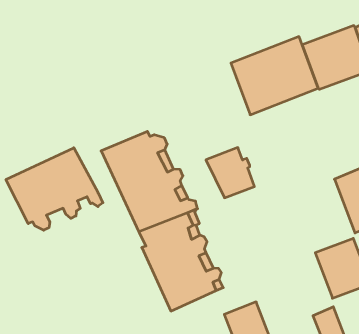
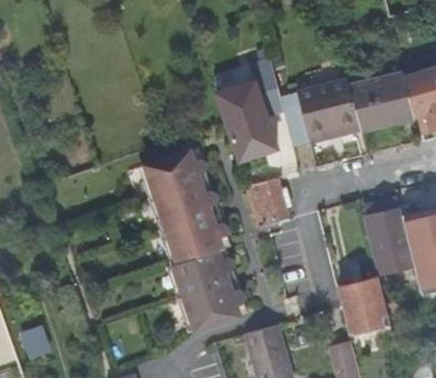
building: none -> [215,81,283,160]
building: [6,148,103,230] -> none

